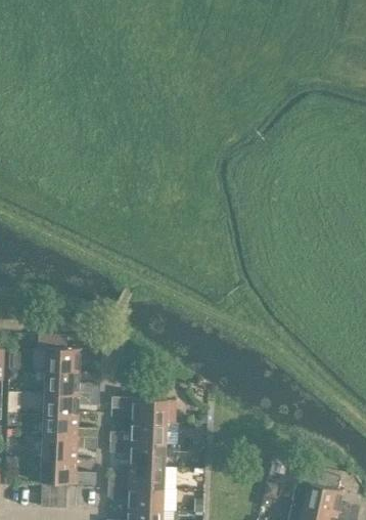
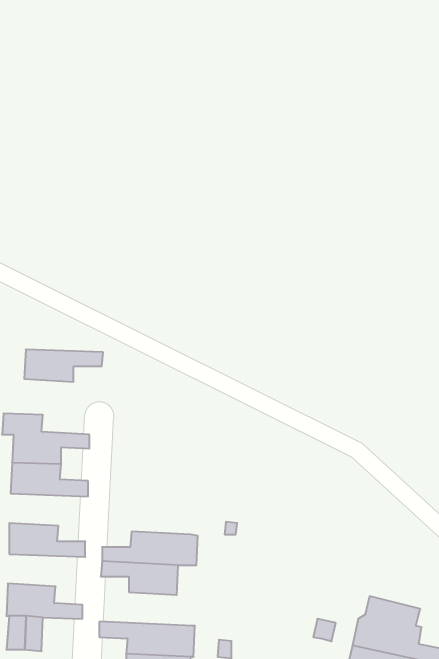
building: [110,391,175,424] -> none
building: [42,394,99,418] -> [24,349,103,382]
building: [41,438,97,462] -> none
building: [107,466,176,490] -> none

